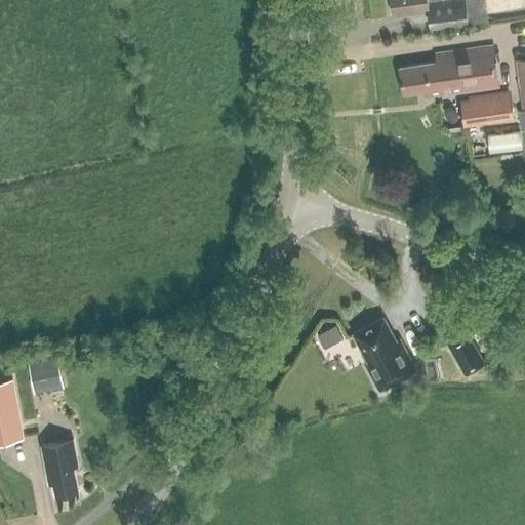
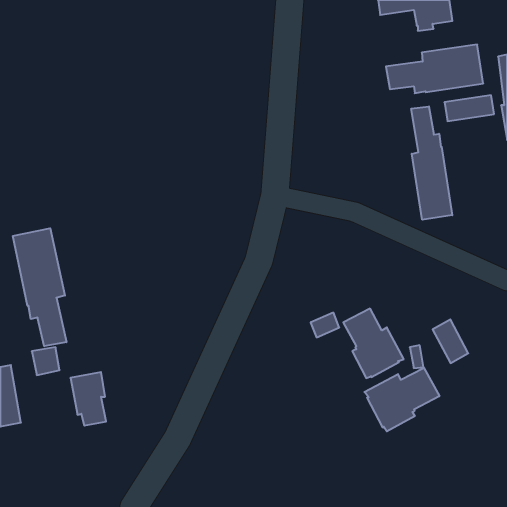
building: none -> [411,106,452,220]
building: none -> [13,228,66,346]
building: none -> [364,368,439,431]
building: [41,440,78,495] -> [70,372,106,426]

